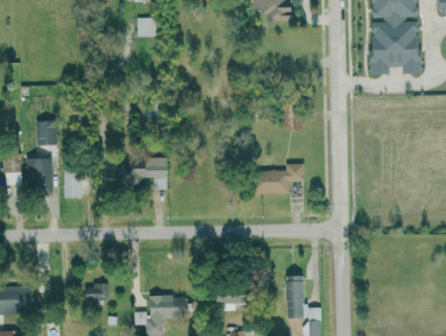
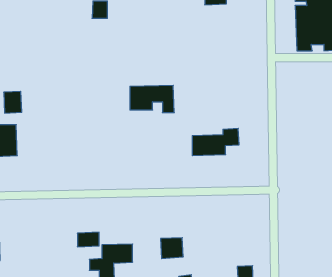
building: [117,159,168,190] -> [130,85,174,113]
building: [64,170,81,199] -> none
building: [286,276,309,318] -> none
building: [84,284,109,301] -> [77,232,99,247]

